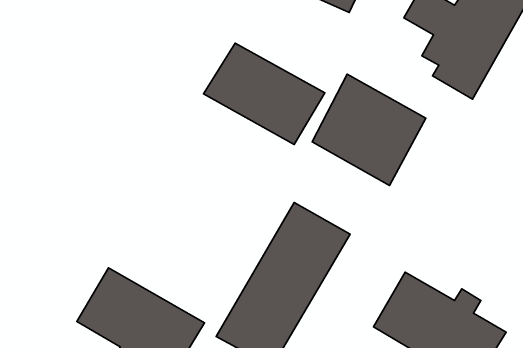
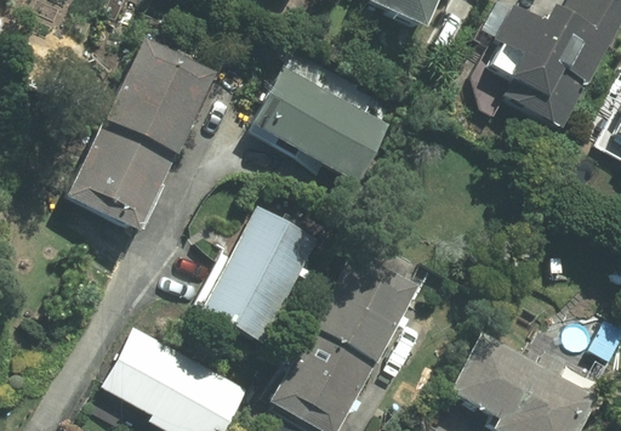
building: none -> [62,41,213,237]
building: [312,74,426,186] -> none
building: none -> [199,206,321,347]

